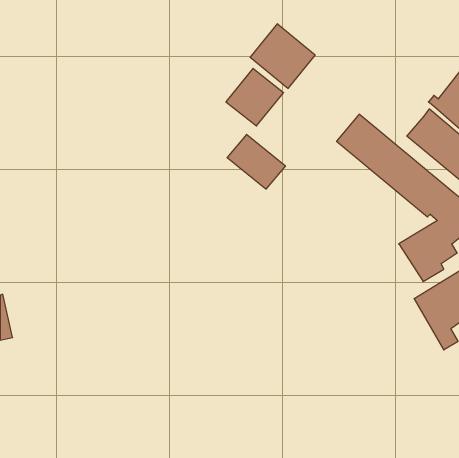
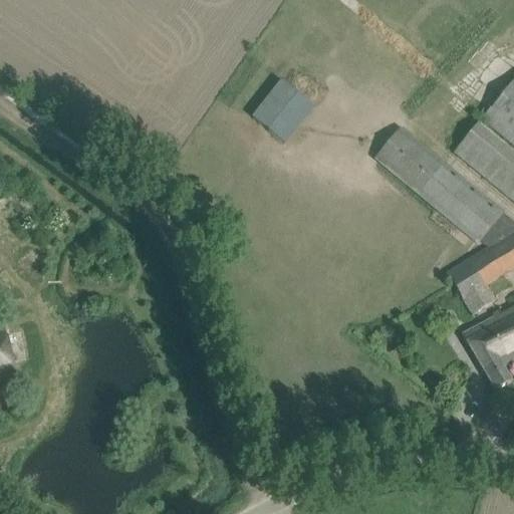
building: [250,24,315,88] -> none
building: [227,134,285,189] -> none

